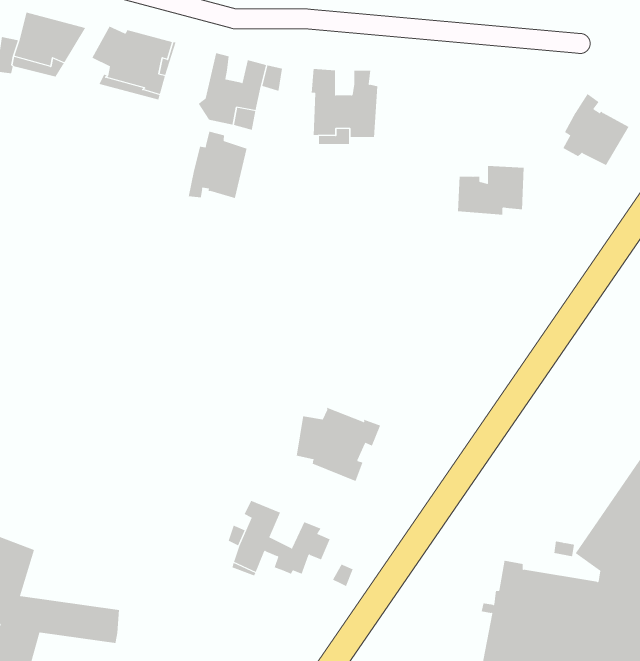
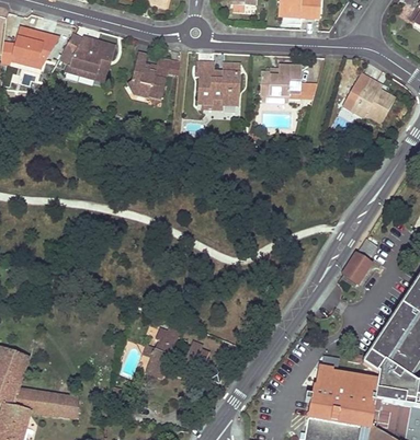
building: [188,131,247,199] -> none
building: [457,166,524,215] -> [260,65,302,95]
building: none -> [342,239,375,283]
building: [296,407,381,482] -> none

